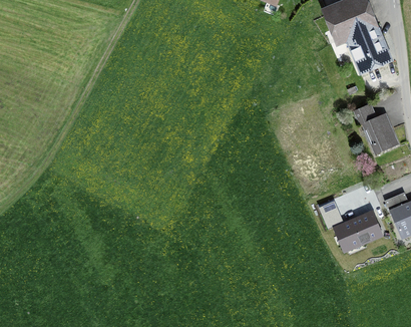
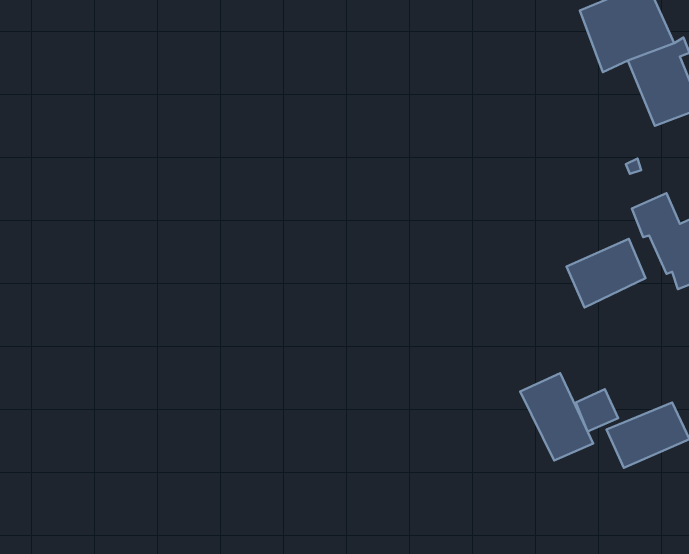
building: none -> [567,239,645,307]
building: none -> [520,373,593,460]

